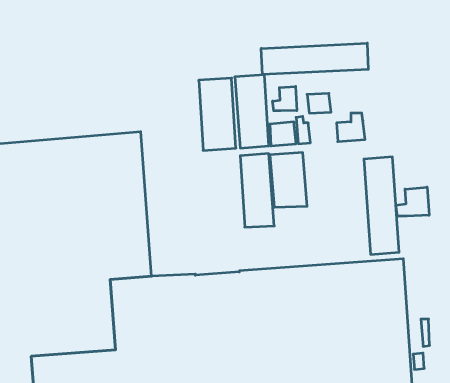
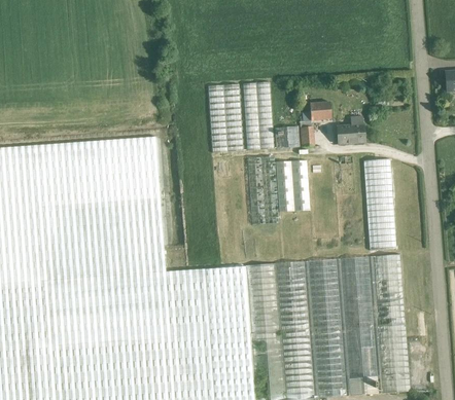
building: [261,43,368,75] -> none
building: [273,86,297,111] -> none
building: [396,187,429,216] -> none

